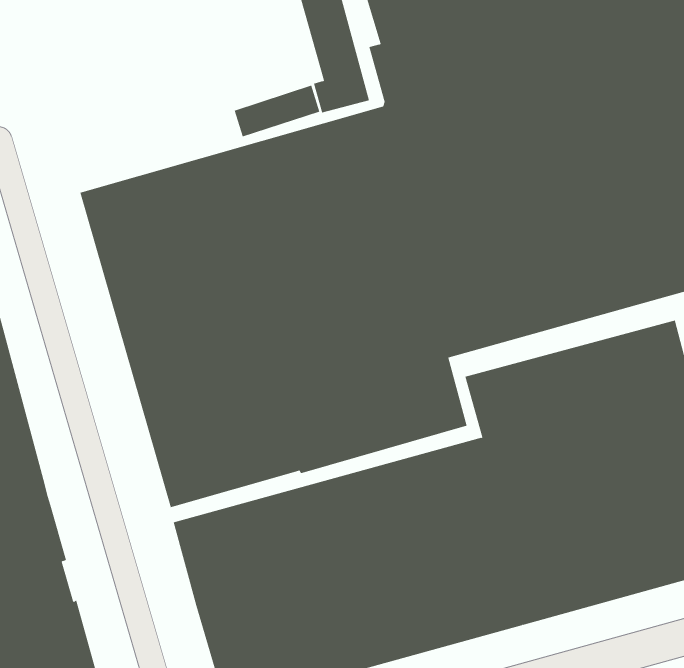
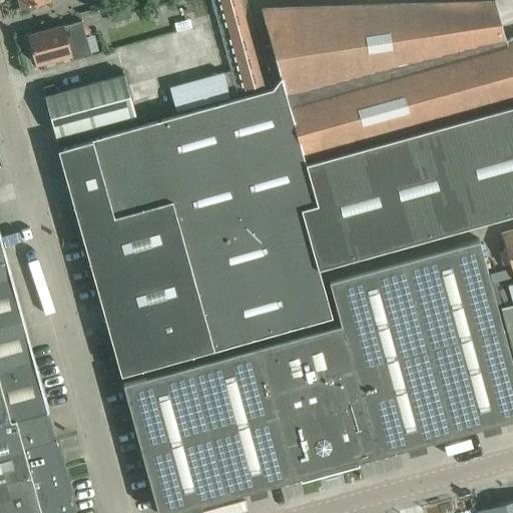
building: none -> [29,25,92,68]
building: none -> [43,78,135,139]

